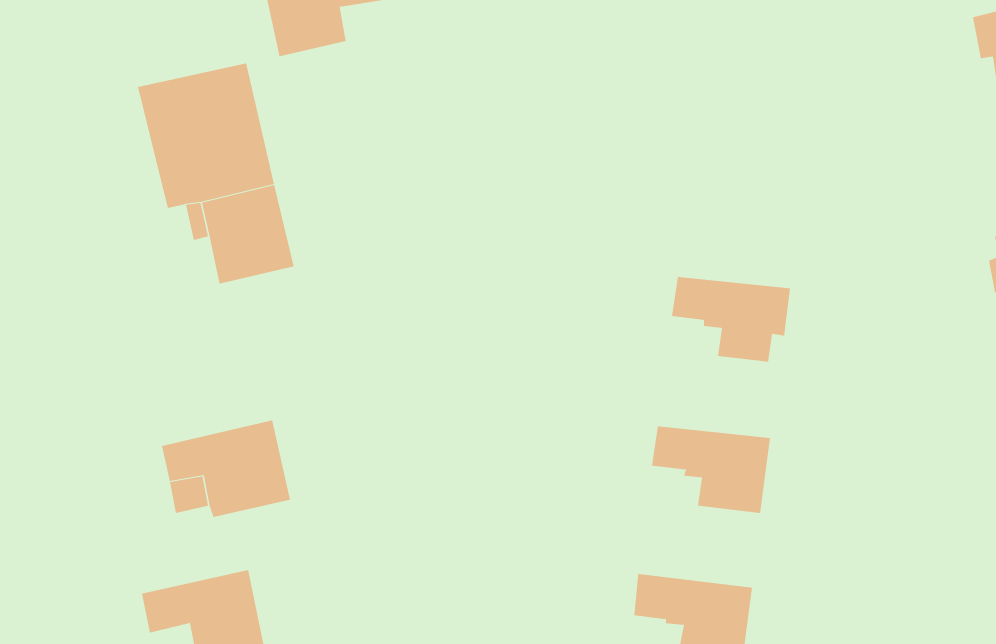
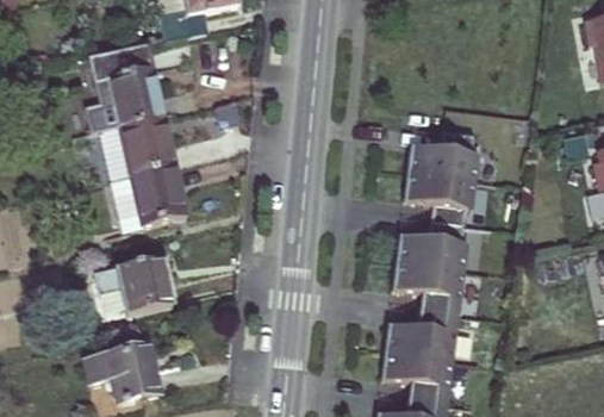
building: none -> [406,131,478,180]
building: none -> [111,167,188,235]
building: none -> [394,220,467,269]
building: none -> [382,310,456,359]

